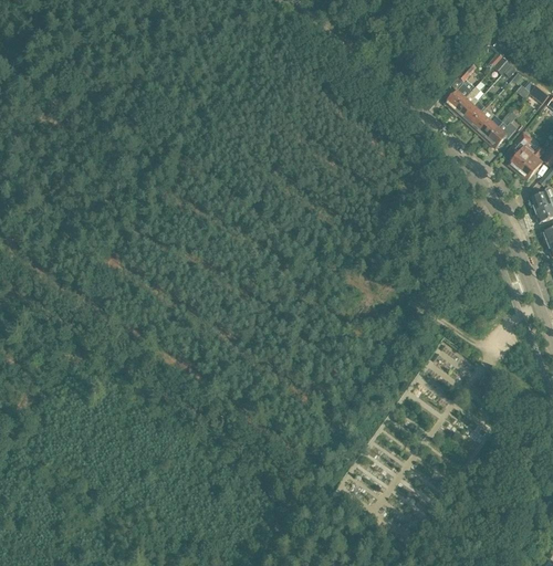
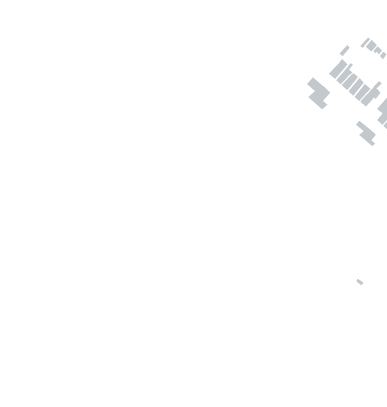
building: none -> [306,76,331,110]
building: none -> [355,119,377,147]

